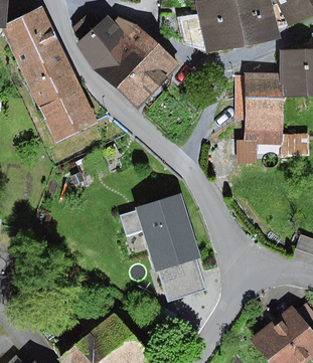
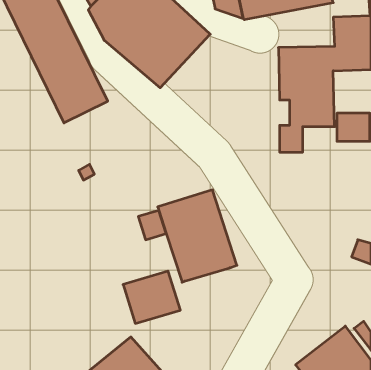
building: [158,257,205,301] -> [123,271,180,323]

